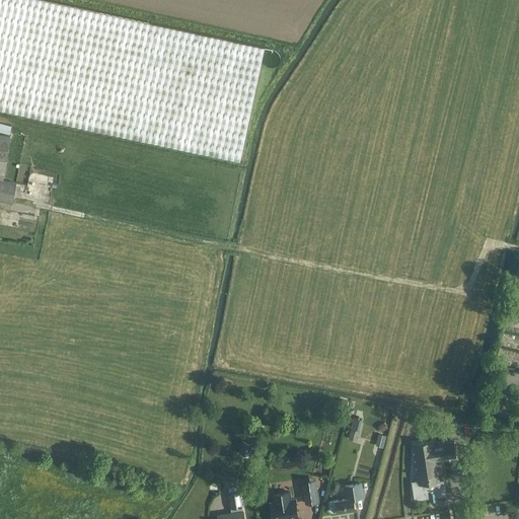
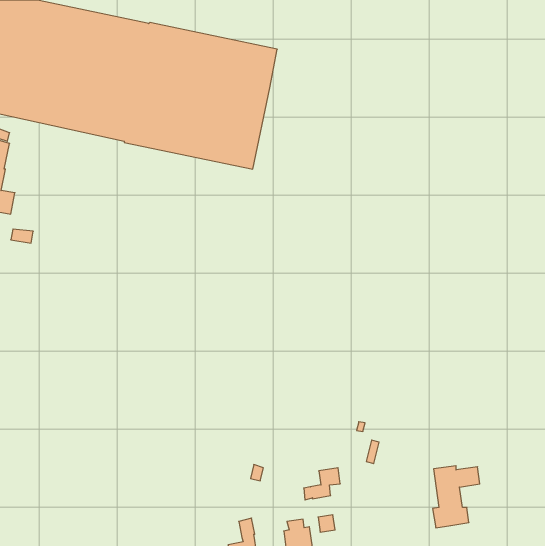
building: [327,484,362,514] -> [304,468,340,500]

